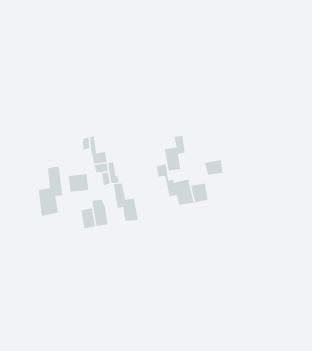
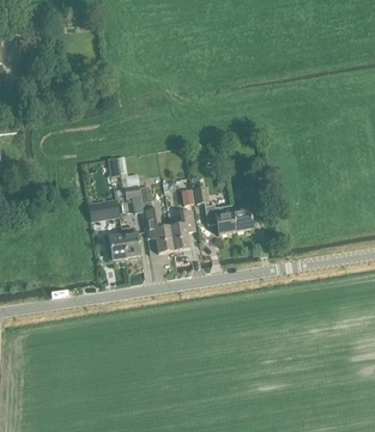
building: [164,135,185,172] -> [167,209,190,250]
building: [38,166,63,217] -> none

